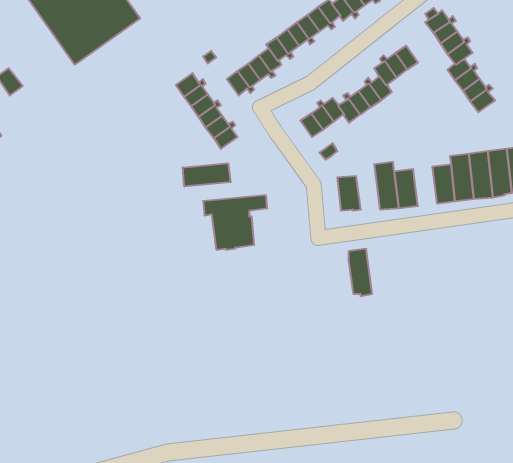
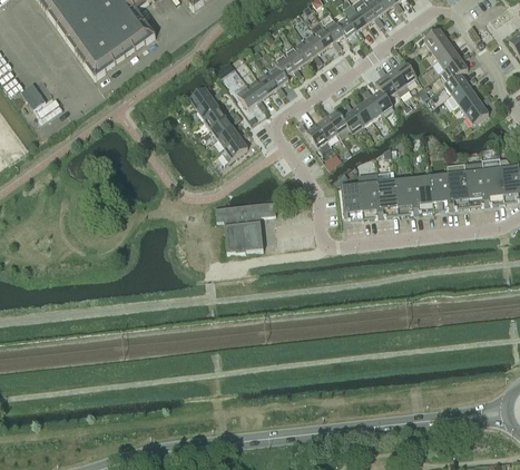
building: [183,163,231,187] -> none
building: none -> [412,174,434,210]
building: [349,249,372,296] -> [359,172,381,216]

